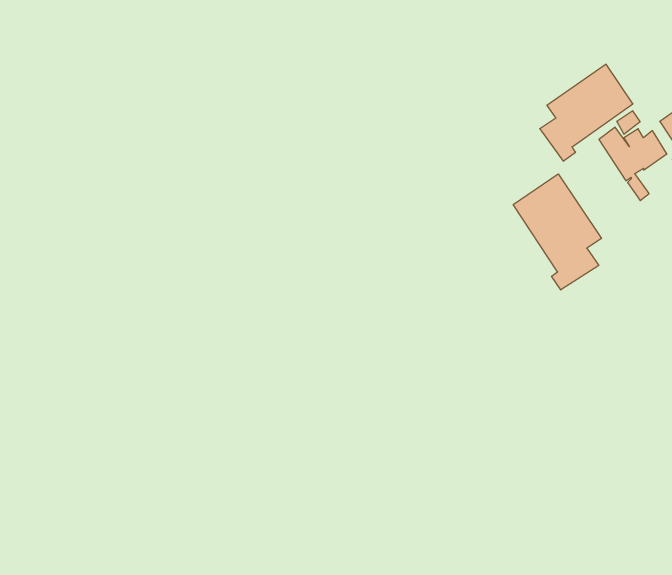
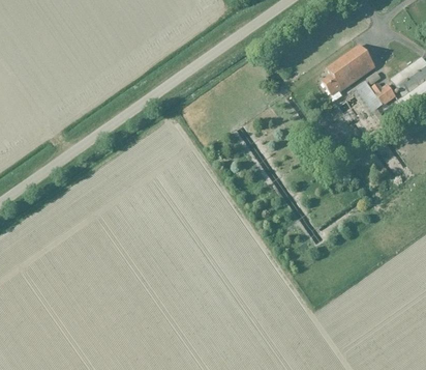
building: [513,174,601,290] -> none

